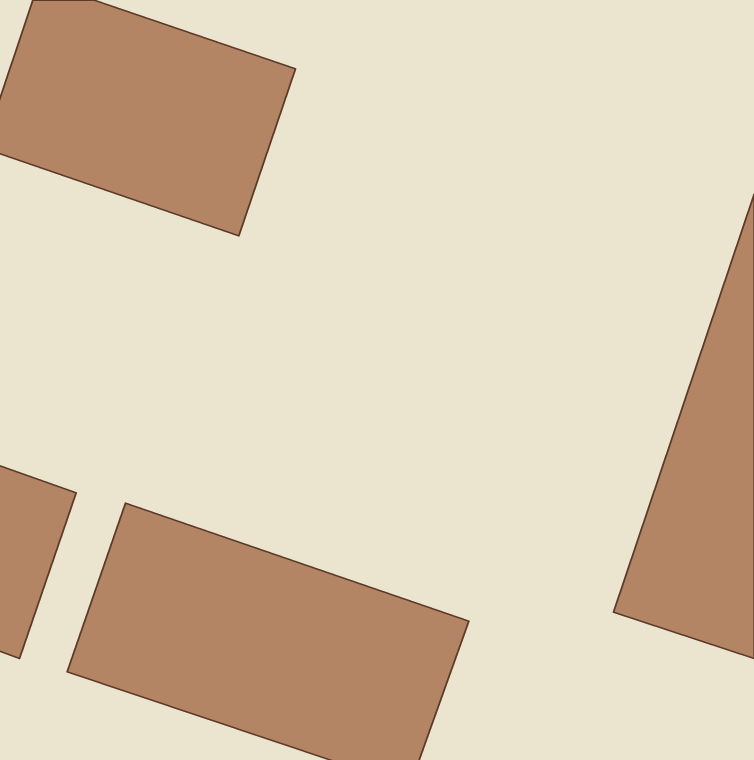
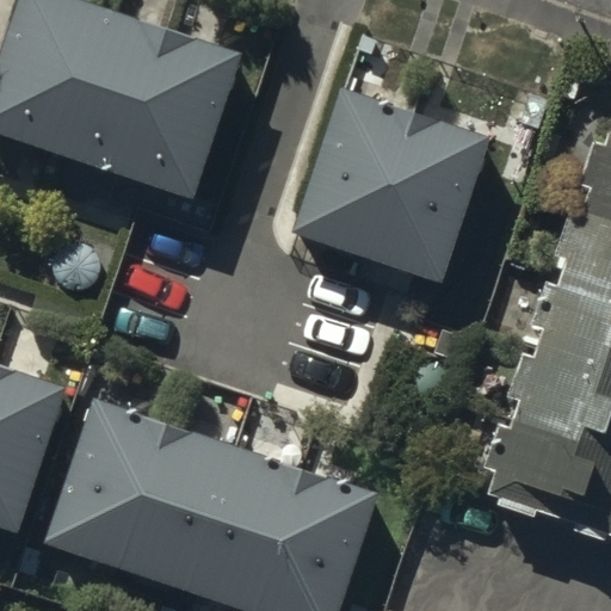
building: none -> [300,95,485,277]

